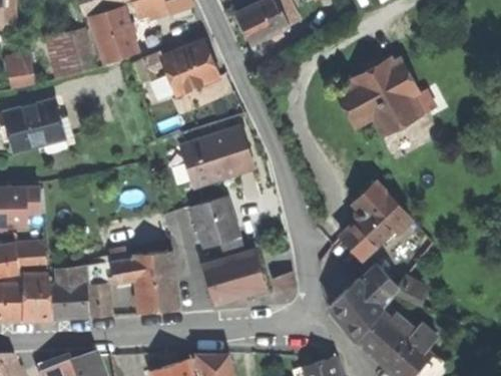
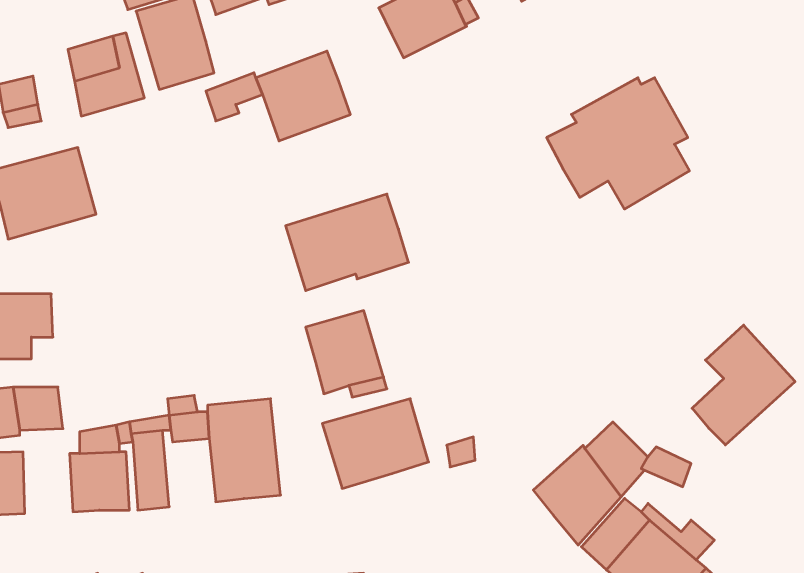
building: [347,181,409,254] -> [692,325,795,445]
building: [22,273,50,320] -> none

